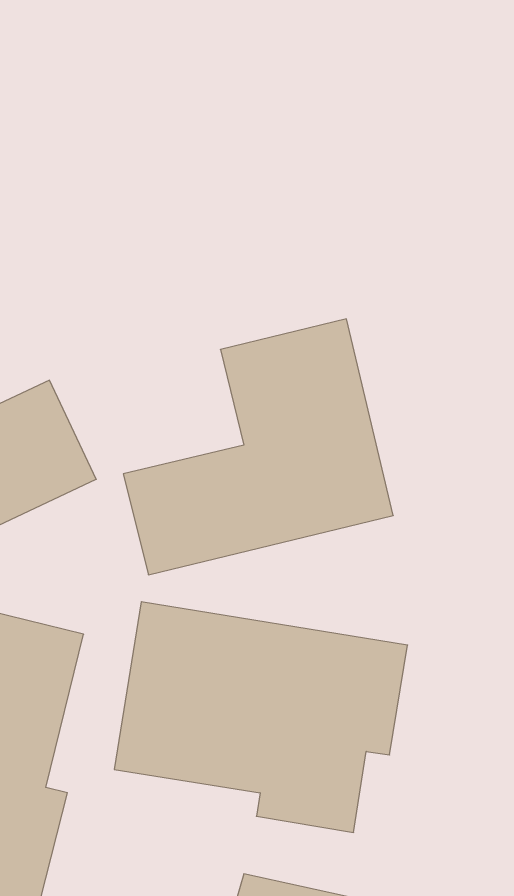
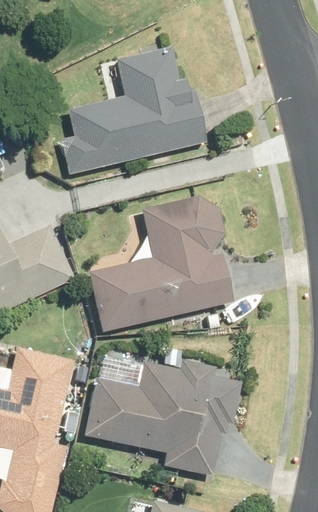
building: none -> [64,44,214,175]

